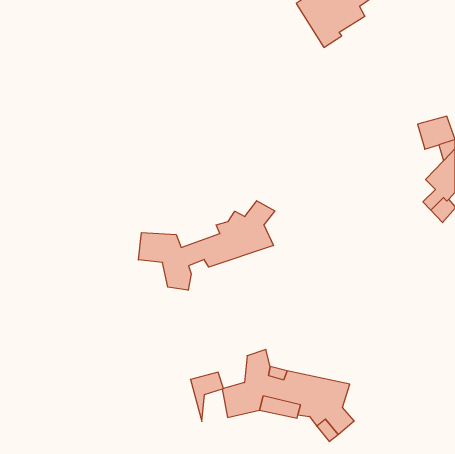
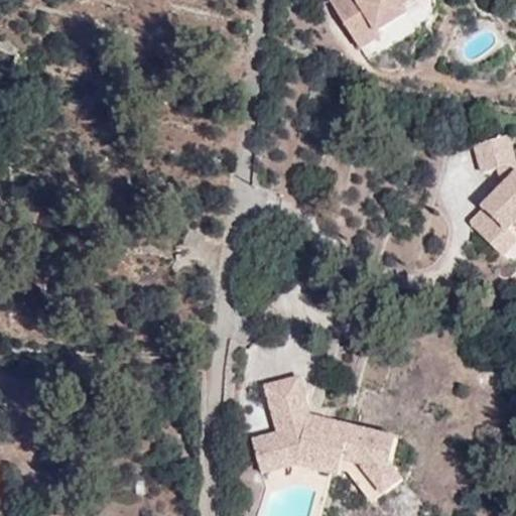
building: [138,201,275,290] -> none
building: [190,372,223,421] -> [263,376,300,431]

